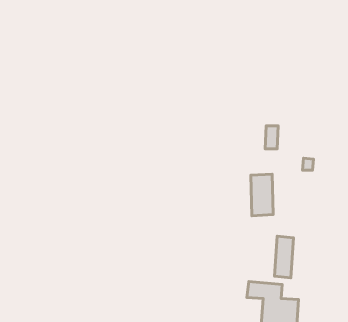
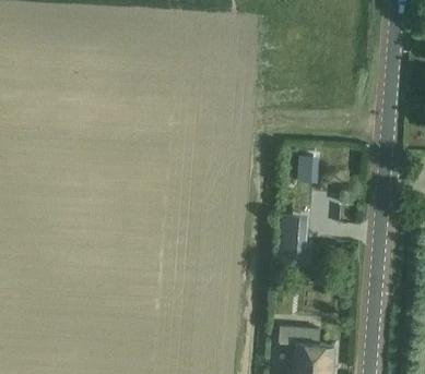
building: [274,236,294,278] -> none

